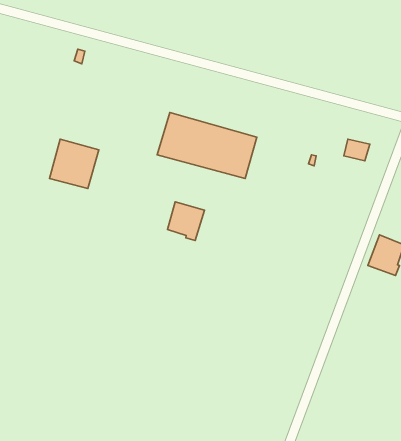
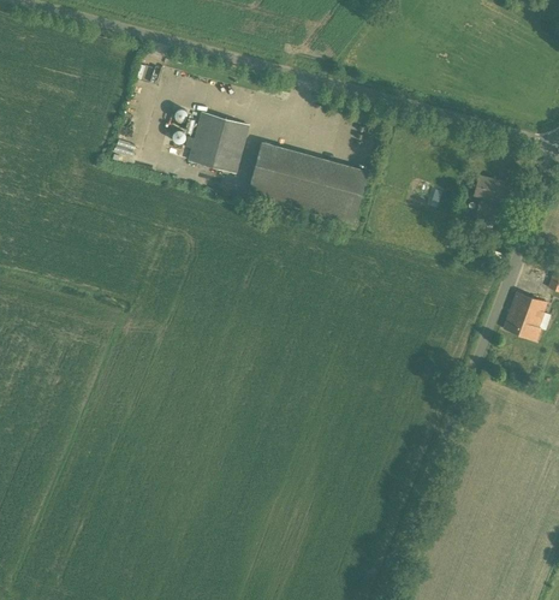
building: [49,139,99,189] -> [189,112,249,172]
building: [168,202,205,240] -> none

